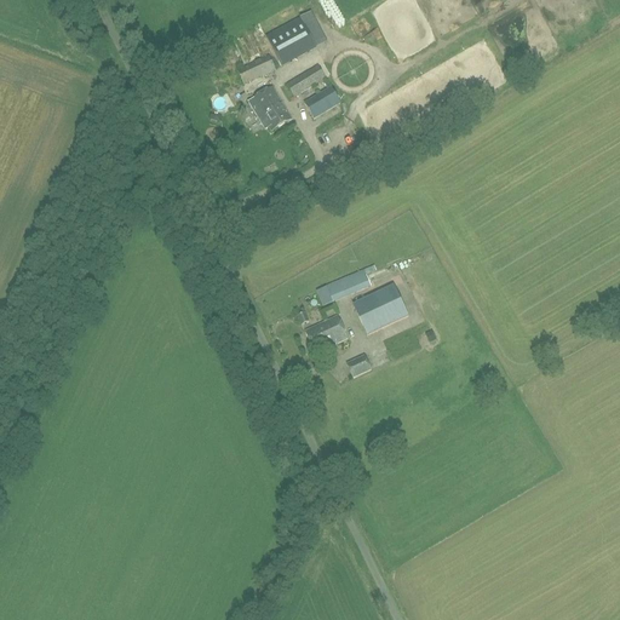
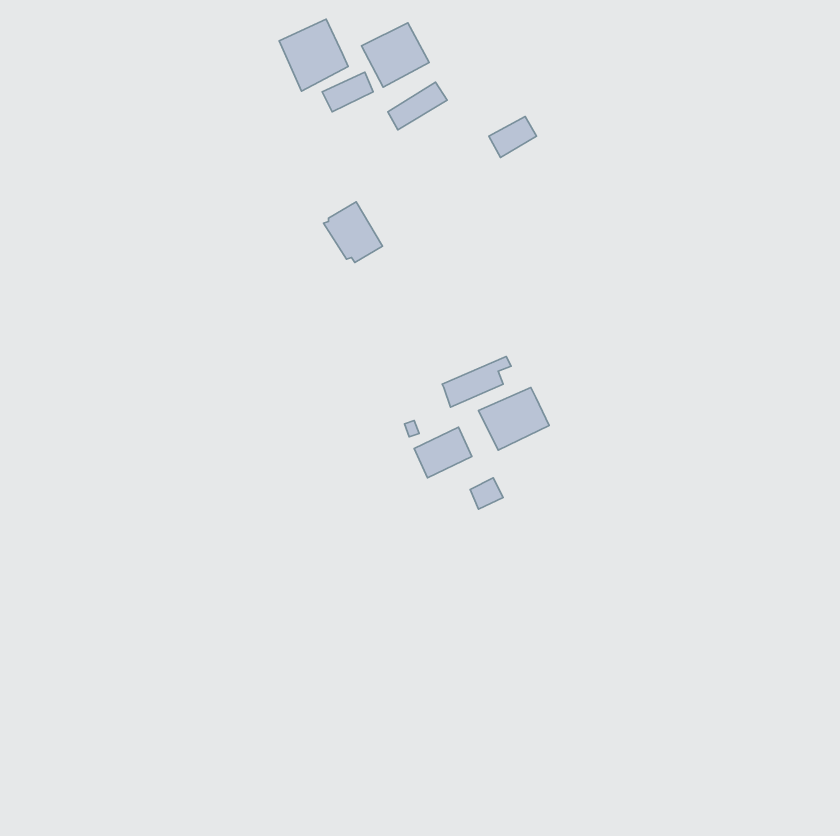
building: none -> [279,19,348,91]
building: [248,85,292,130] -> [323,202,383,262]
building: [305,86,340,116] -> [489,116,537,158]

